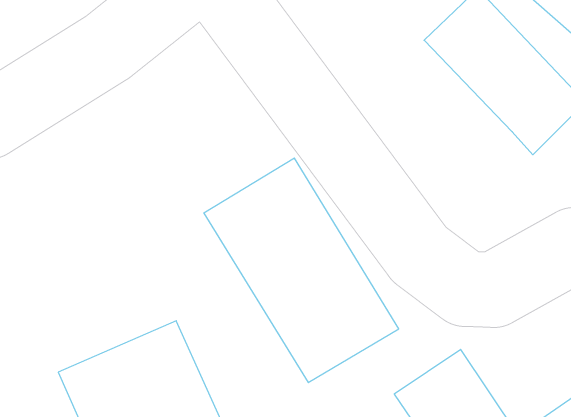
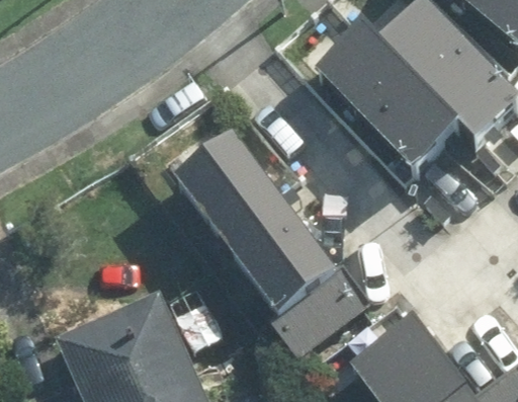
building: none -> [311,23,457,171]

